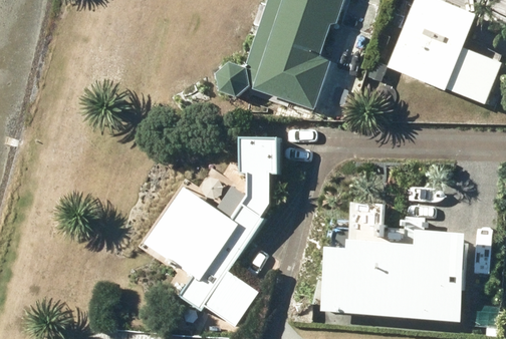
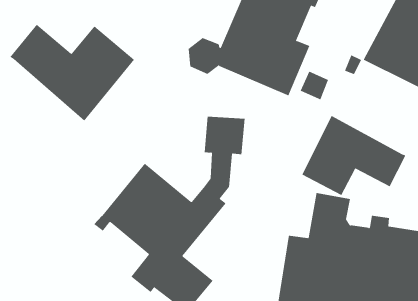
building: none -> [10,24,135,122]
building: none -> [301,115,406,196]

